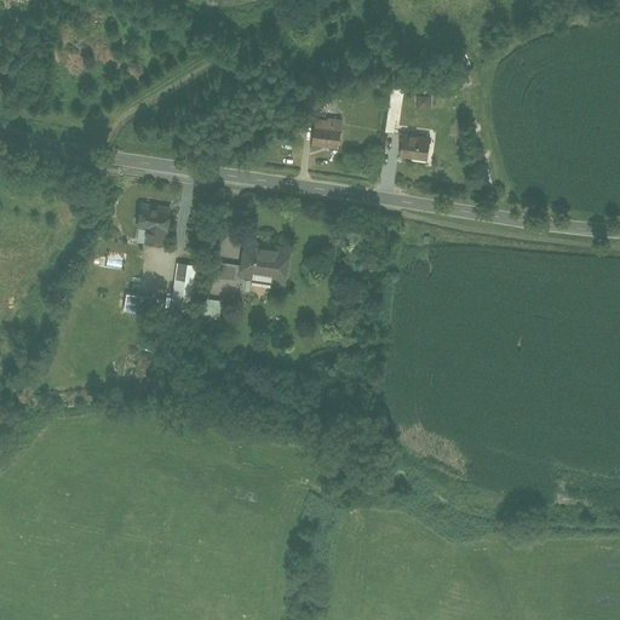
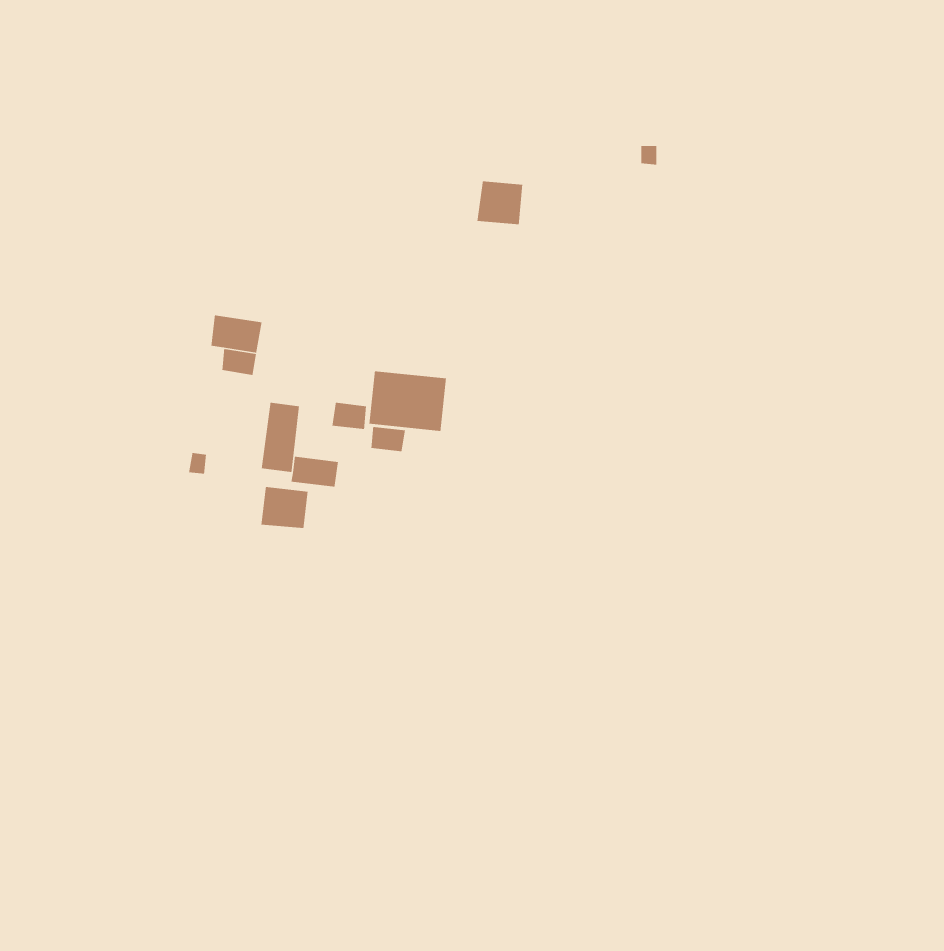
building: [398,132,429,159] -> none
building: none -> [260,486,309,529]

